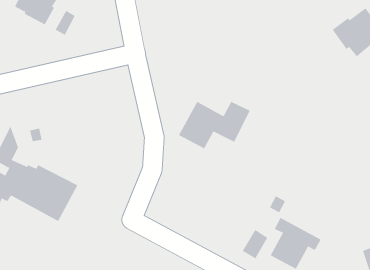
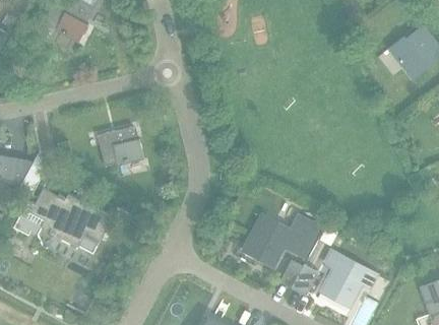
building: [178,101,250,149] -> [243,214,321,266]
building: none -> [97,125,143,166]

